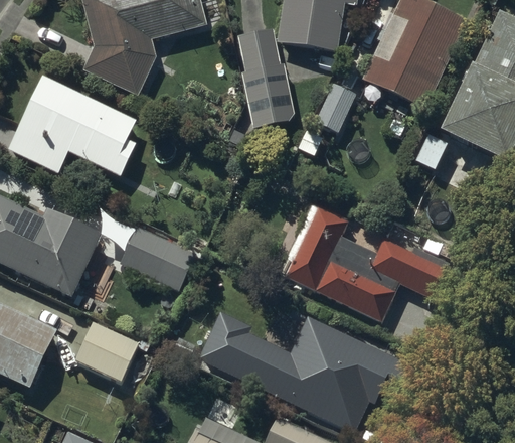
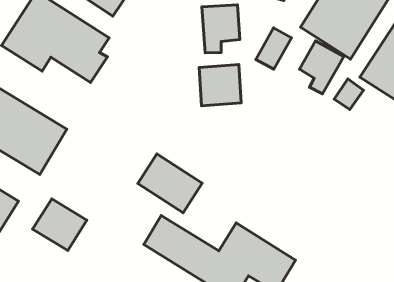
building: none -> [300,41,344,94]
building: none -> [199,64,241,106]
building: [281,204,452,321] -> none
building: [119,225,195,291] -> [138,154,202,213]

